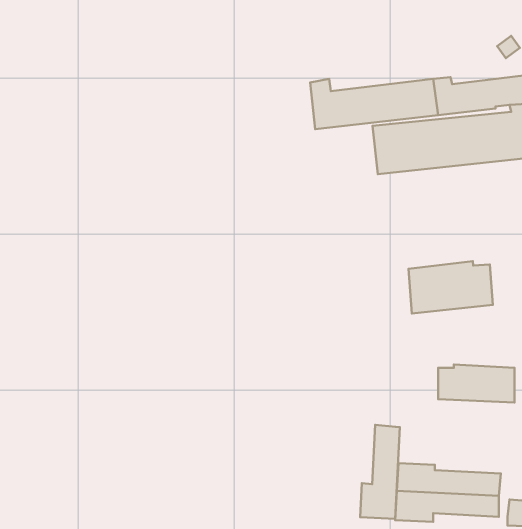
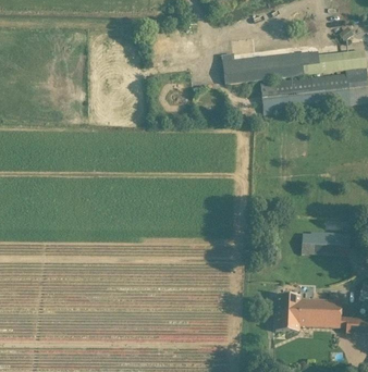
building: [409,261,493,314] -> none
building: [360,425,400,519] -> none

